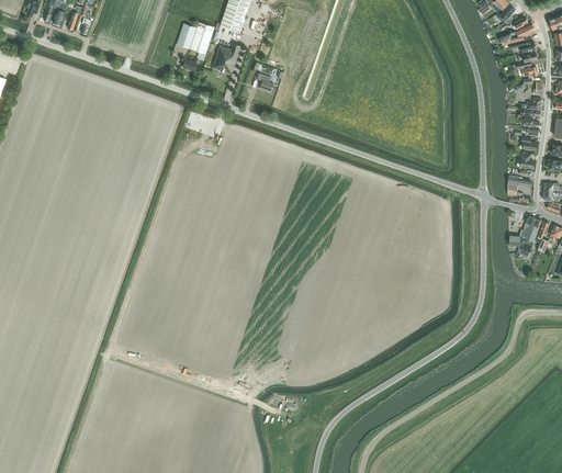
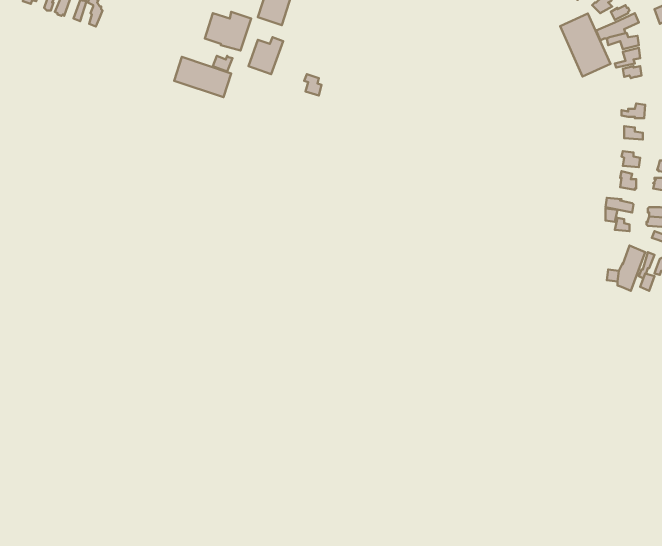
building: none -> [560,13,610,76]
building: none -> [174,57,231,97]

